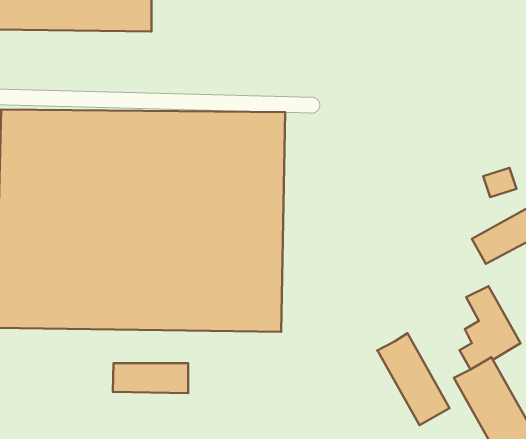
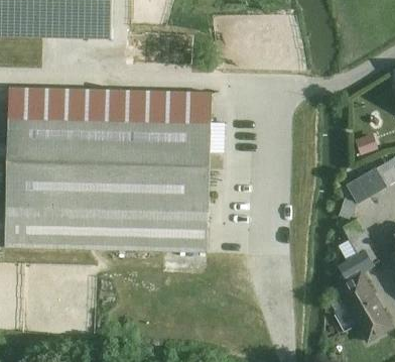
building: [377,333,449,425] -> none
building: [113,363,188,393] -> none

